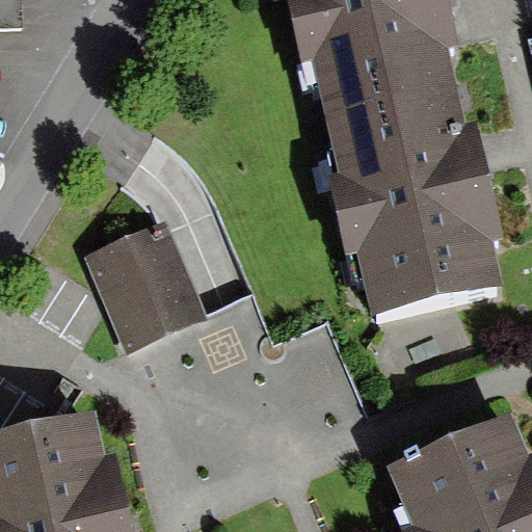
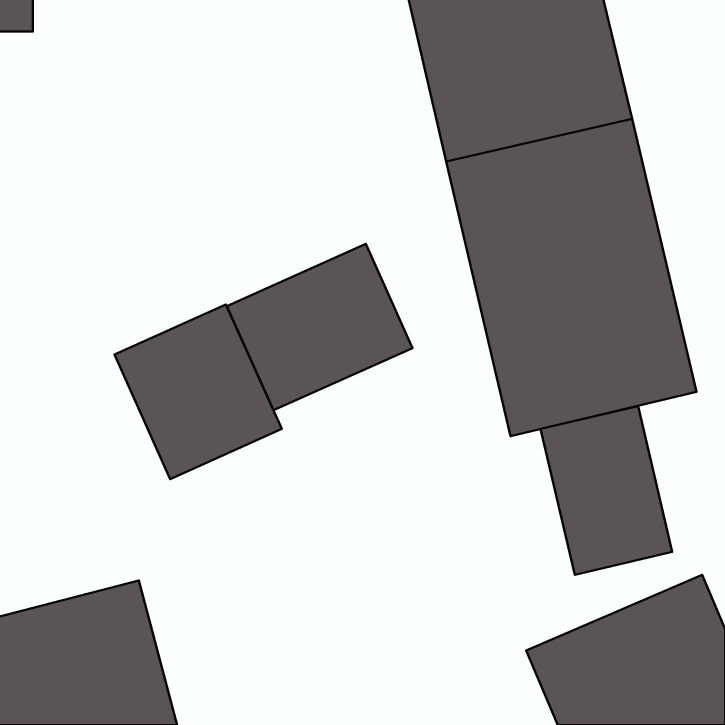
building: none -> [227,244,412,410]
building: none -> [541,406,672,575]

